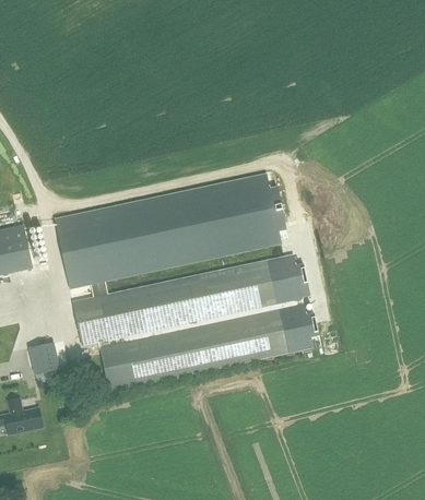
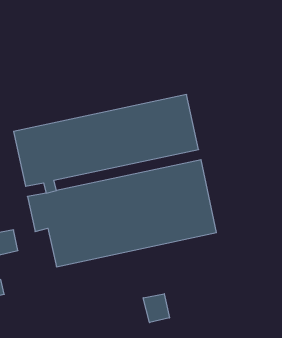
building: none -> [143,294,169,323]

